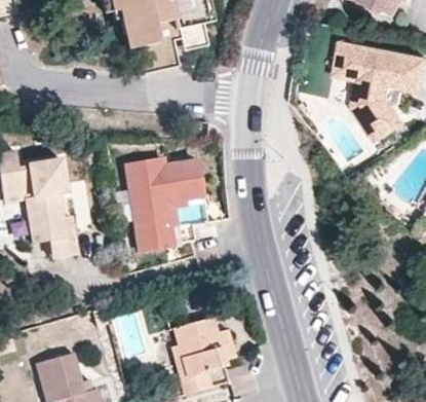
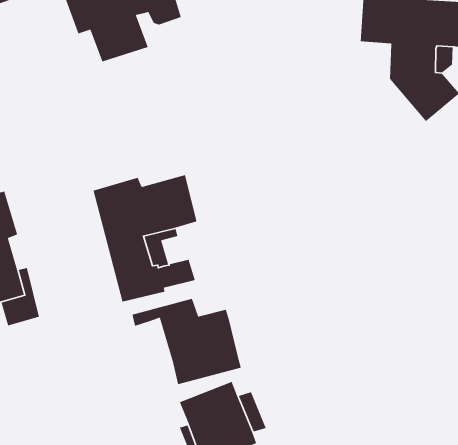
building: none -> [132,298,242,385]

